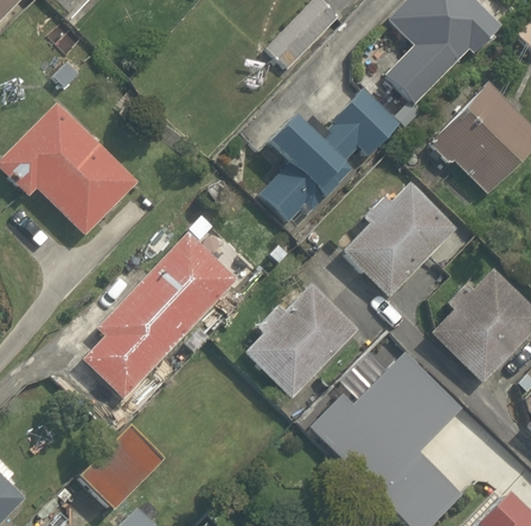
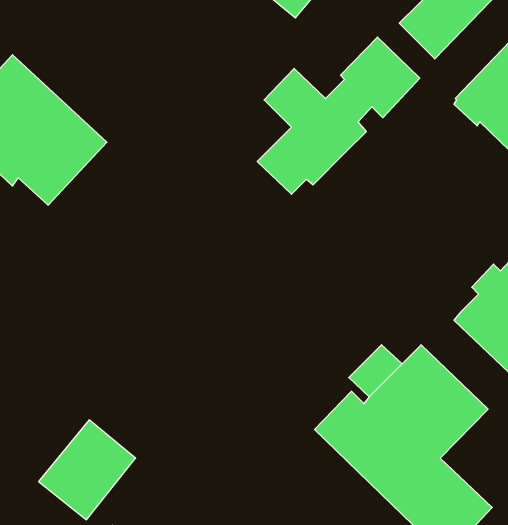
building: [344,182,459,296] -> none
building: [73,235,230,398] -> none
building: [247,284,359,398] -> none

